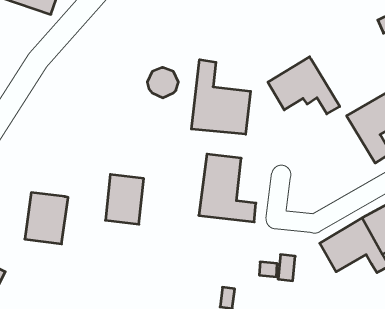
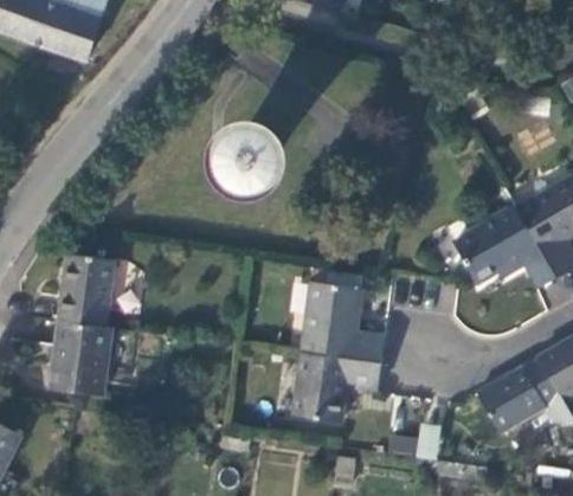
building: [268,57,340,114] -> [452,206,556,289]
building: [191,60,251,134] -> none
building: [105,174,144,224] -> [58,255,114,327]
building: none -> [292,354,381,423]

